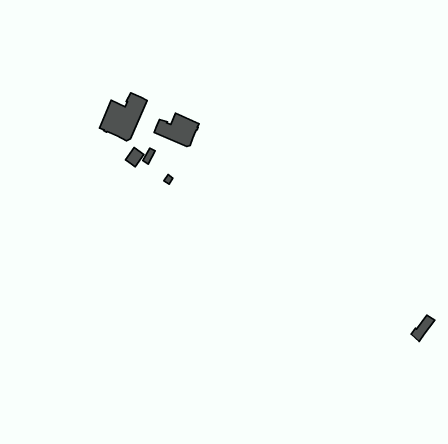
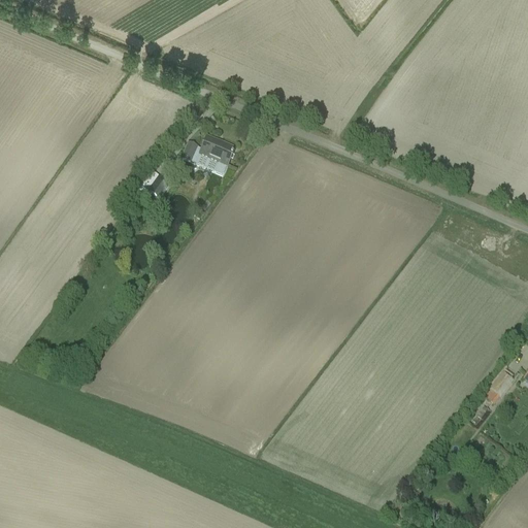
building: [99,93,147,141] -> none

